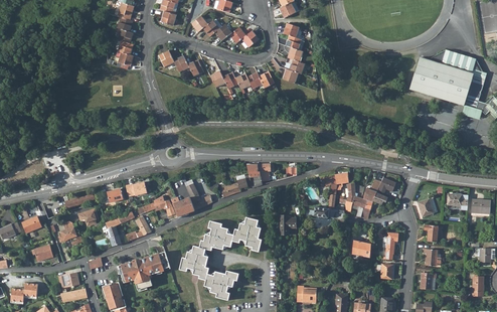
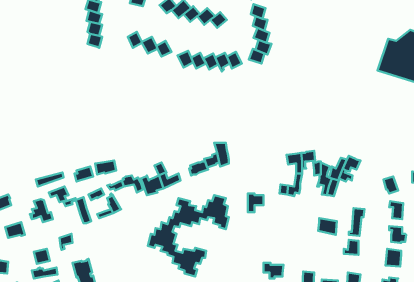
building: [119,252,170,290] -> none

